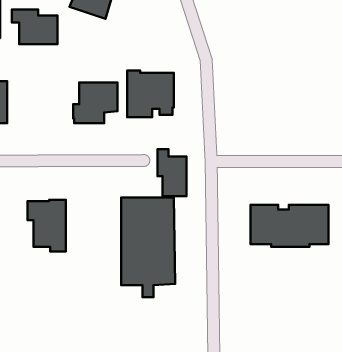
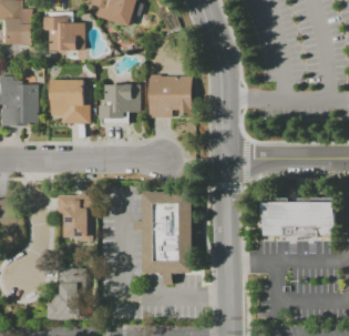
building: none -> [51,80,91,124]
building: [158,149,187,196] -> none
building: none -> [47,268,85,319]

